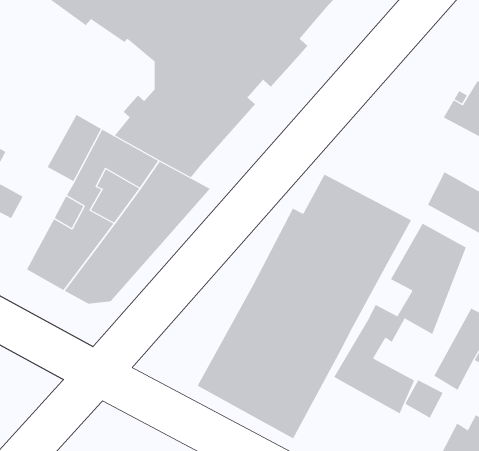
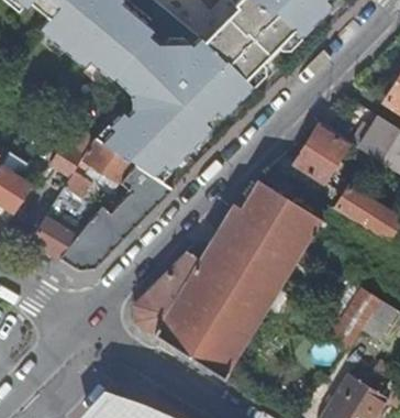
building: none -> [292,125,369,184]
building: [334,223,466,414] -> none
building: none -> [134,252,200,334]

